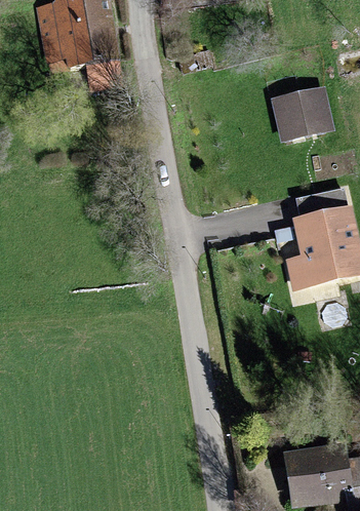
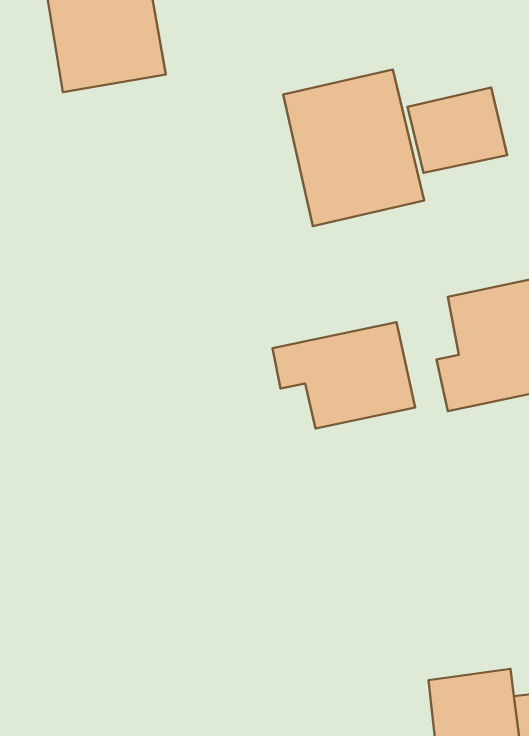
building: none -> [283,69,424,226]
building: none -> [272,322,415,429]

